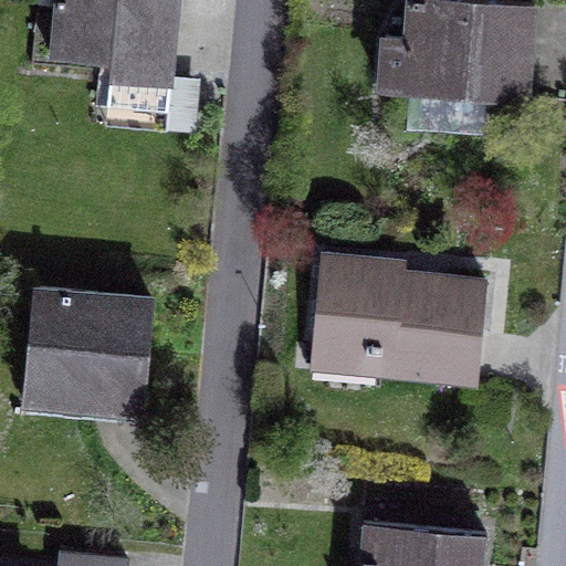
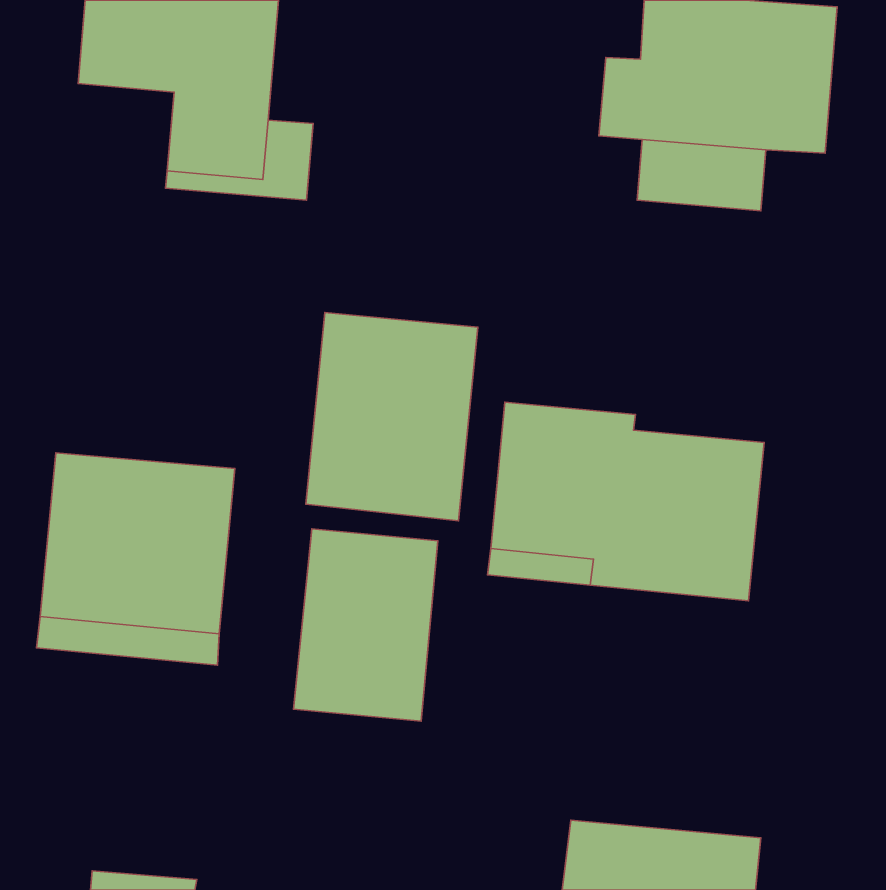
building: none -> [306,312,478,521]
building: none -> [294,529,438,721]

